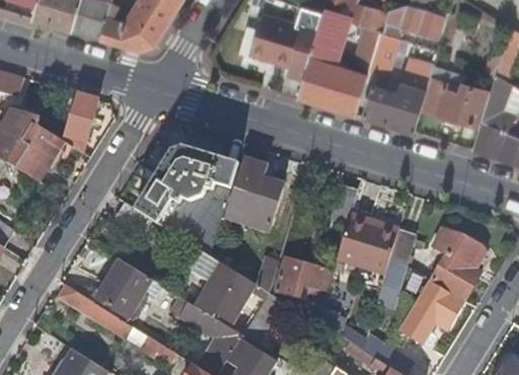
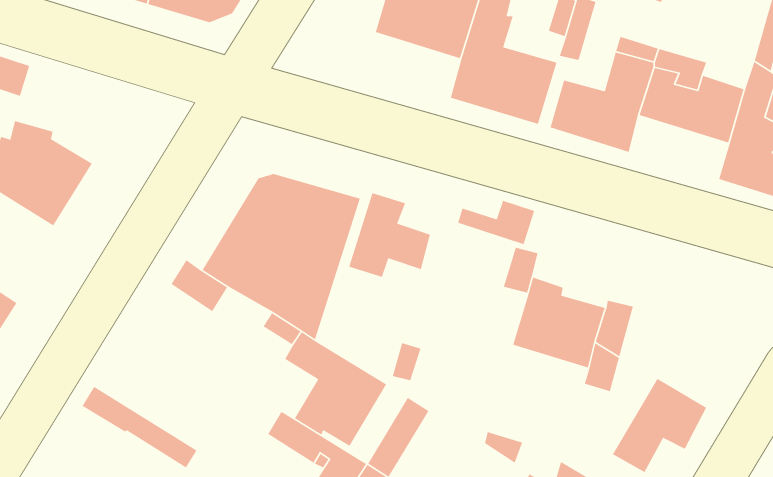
building: [63,93,97,152] -> none
building: [227,203,278,232] -> [457,200,535,245]
building: [430,225,486,299] -> none
building: [275,256,323,299] -> none
building: [96,265,149,318] -> none

